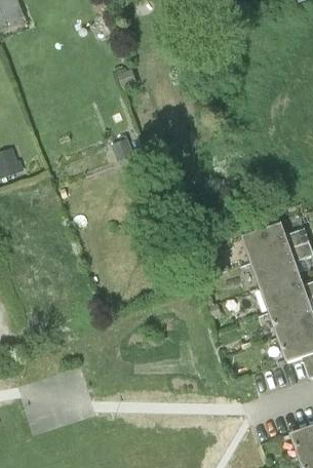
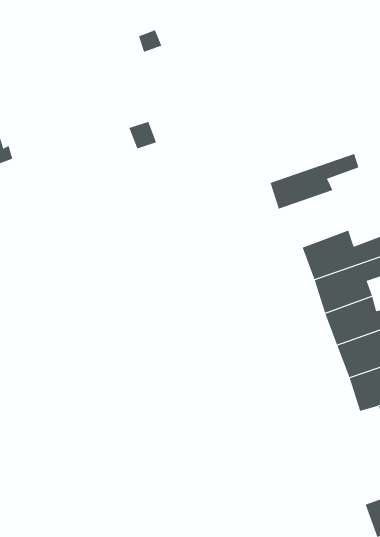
building: none -> [270,153,359,209]

